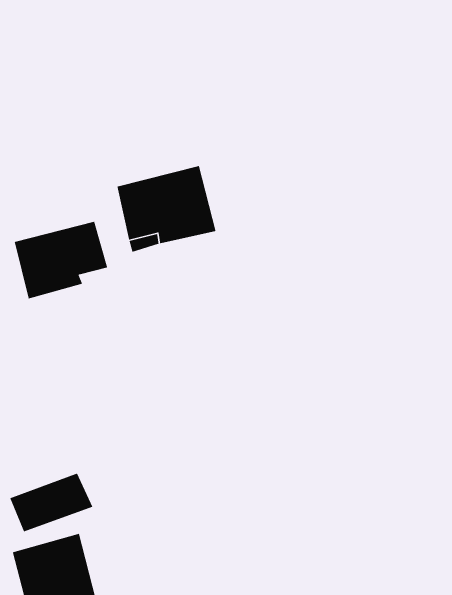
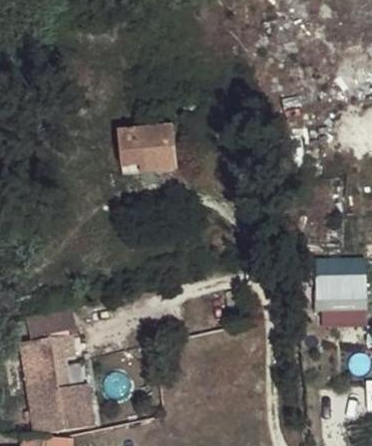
building: [14,221,108,300] -> none

